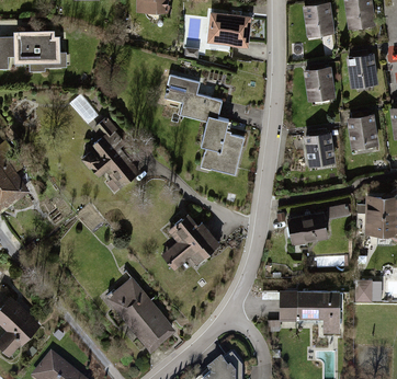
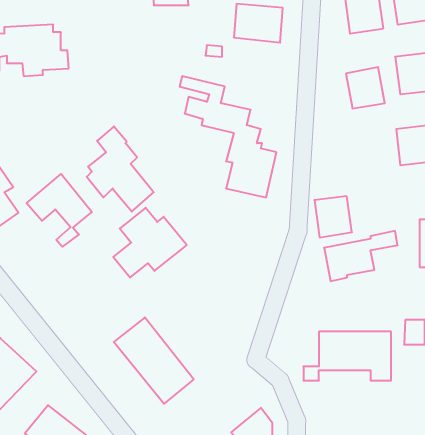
building: [302,133,333,168] -> [314,196,352,237]
building: none -> [27,174,92,247]
building: [161,213,224,272] -> [113,208,187,277]

